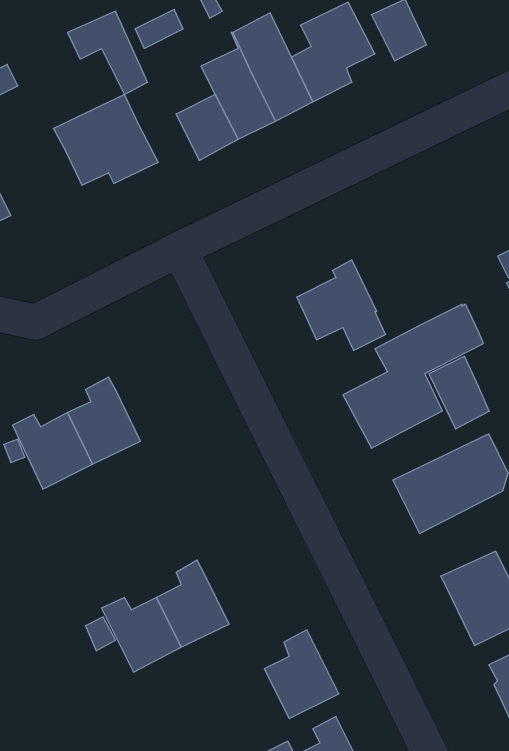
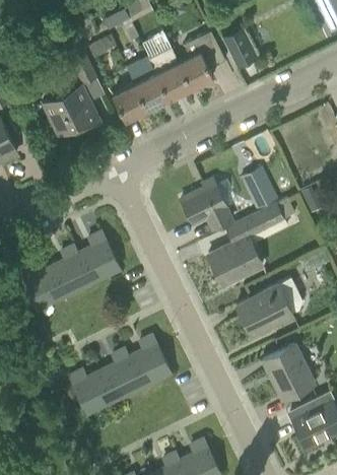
building: none -> [77,232,119,282]
building: [429,356,489,429] -> [242,168,276,210]
building: [264,630,339,719] -> [128,336,171,387]

